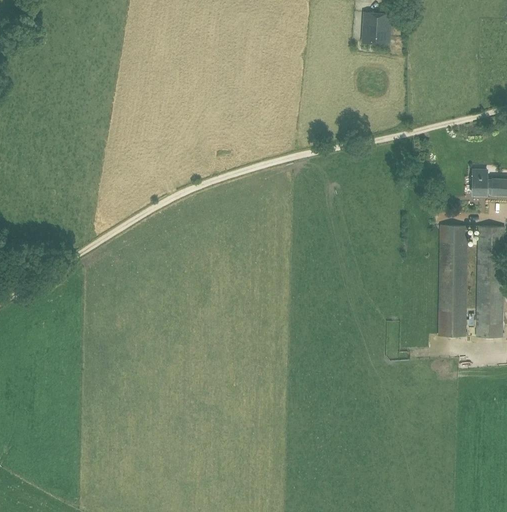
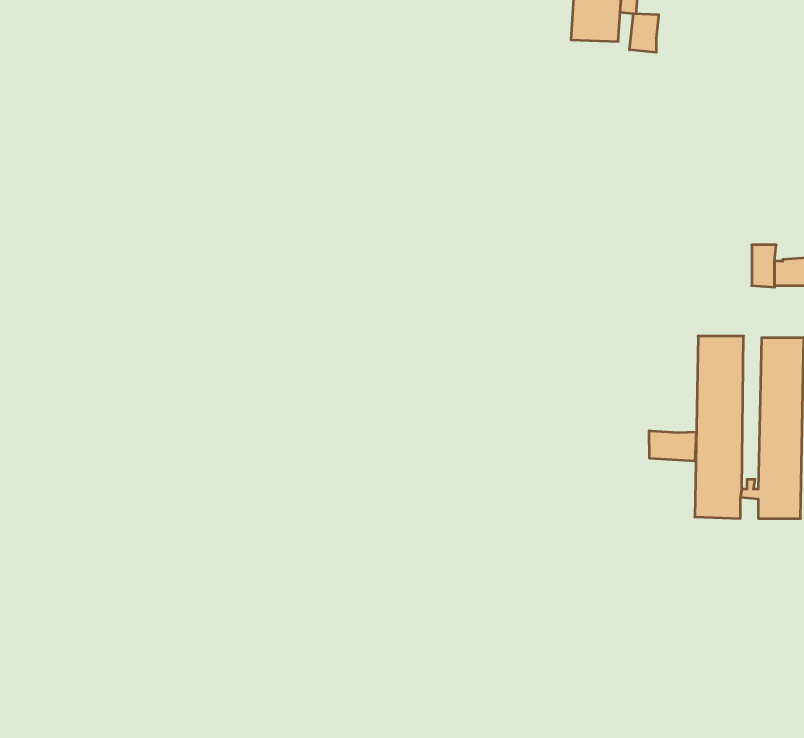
building: none -> [629,14,659,52]
building: none -> [649,431,696,461]

